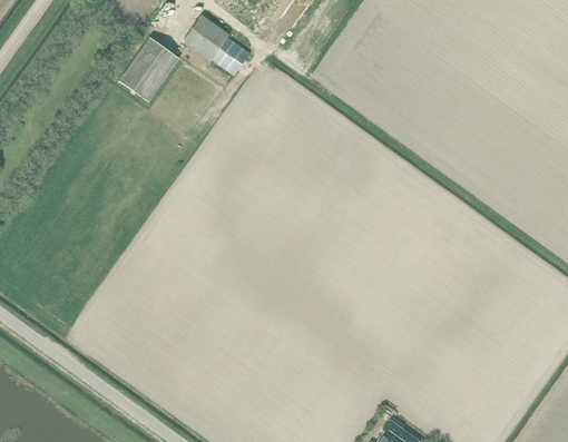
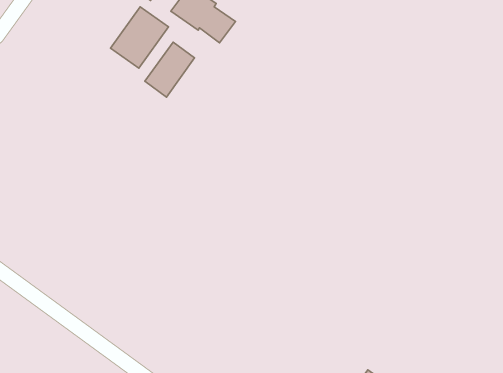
building: none -> [145,42,195,97]

